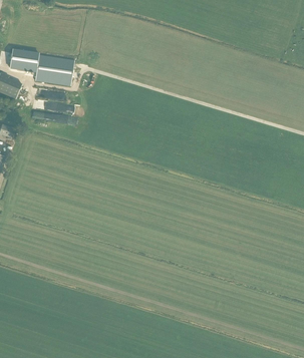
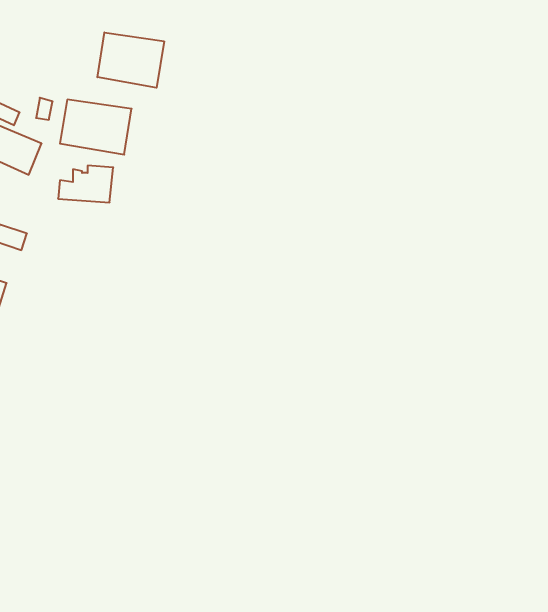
building: none -> [97,32,164,88]

